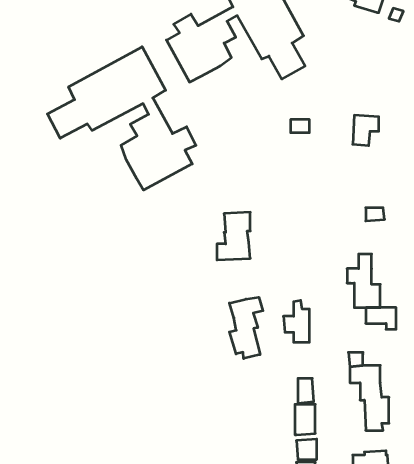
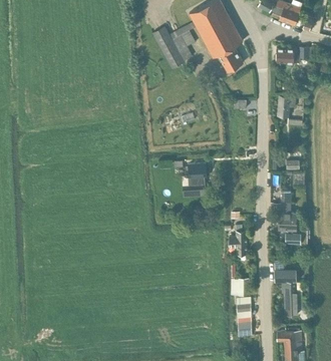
building: none -> [276,46,309,63]
building: [47,47,196,190] -> none
building: [229,297,263,359] -> none

